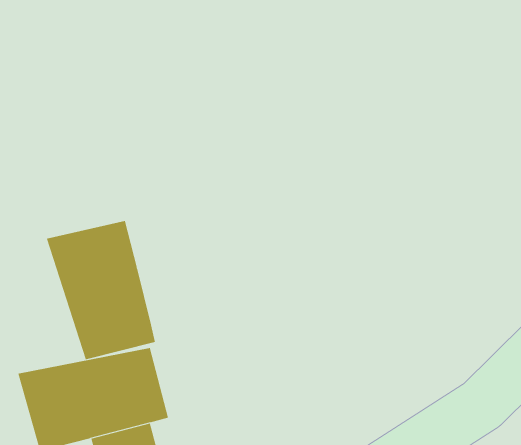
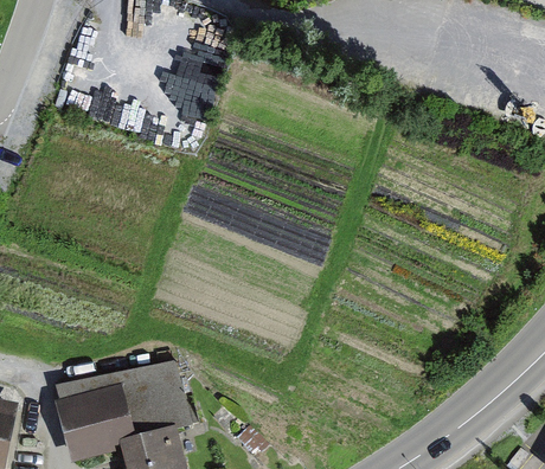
building: [46,220,156,360] -> none

